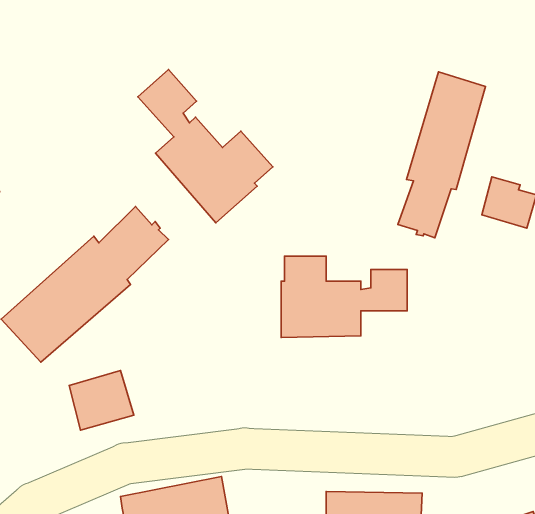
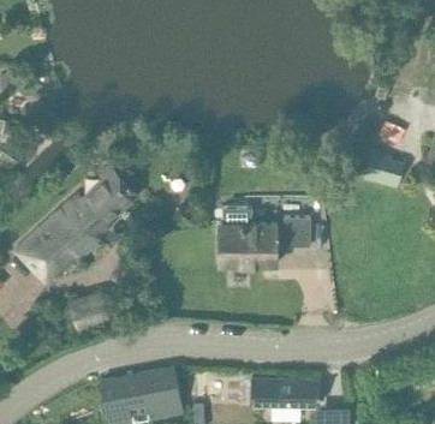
building: [138,70,273,223] -> none
building: [398,72,485,238] -> none

